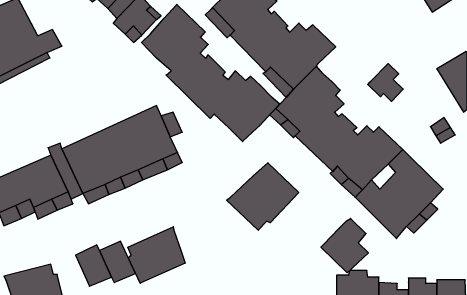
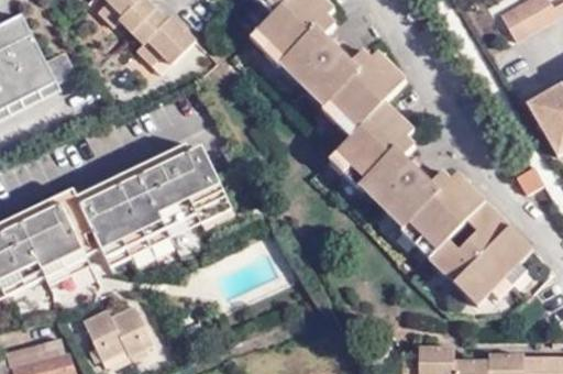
building: [142,4,280,142] -> none
building: [368,64,403,101] -> none
building: [227,163,299,230] -> none
building: [321,218,368,273] -> none
building: [128,227,185,283] -> none

